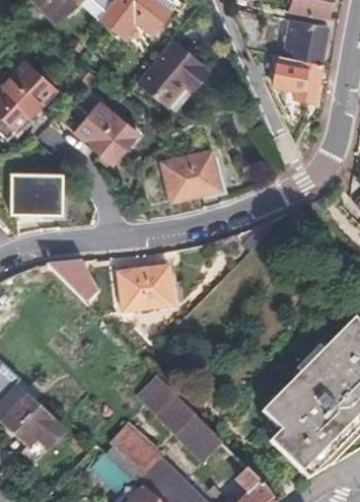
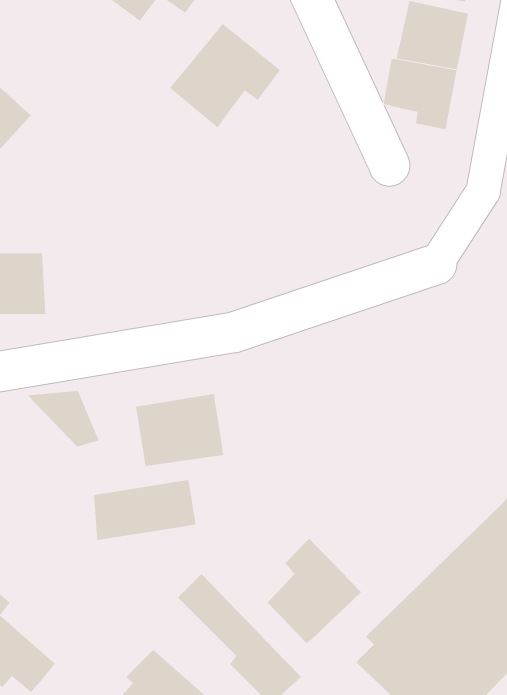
building: [71,101,136,164] -> none
building: [172,145,232,198] -> none
building: none -> [93,479,196,541]
building: none -> [267,538,362,644]

